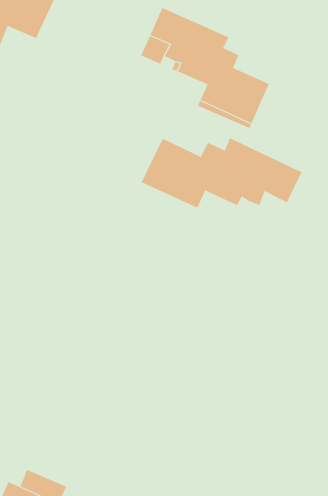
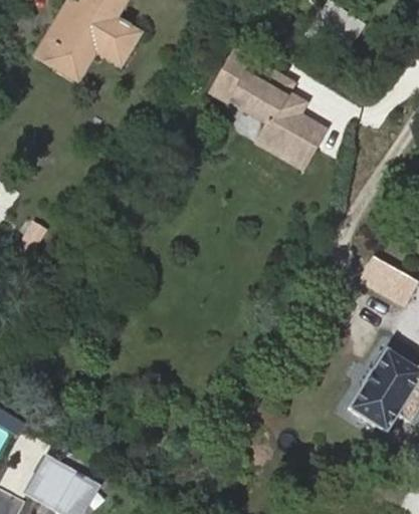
building: [141,137,302,209] -> none

